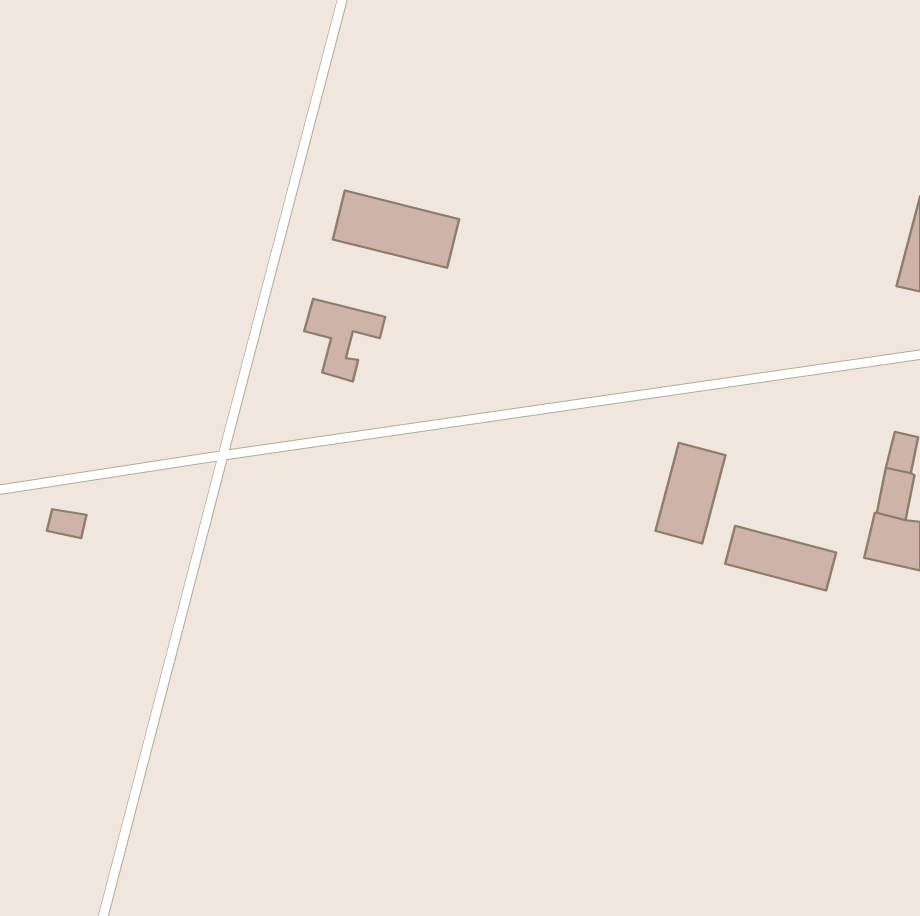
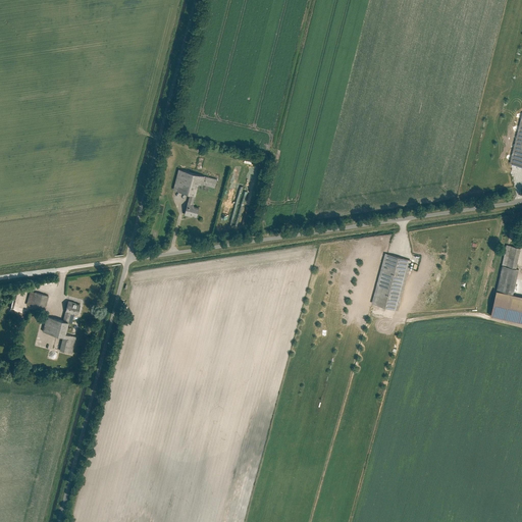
building: [333,191,459,268] -> none
building: [725,526,836,591] -> none
building: none -> [44,302,81,354]

